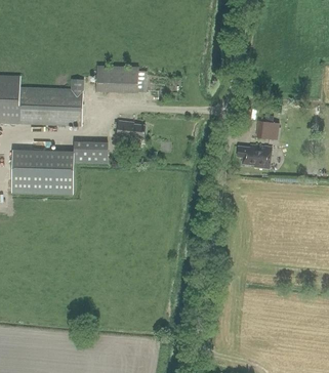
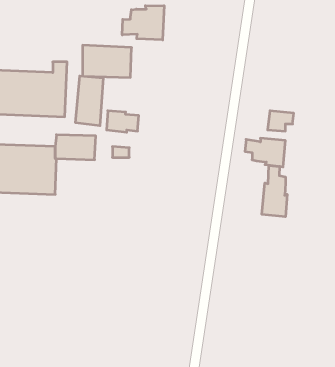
building: none -> [122,6,164,40]
building: none -> [76,76,103,126]
building: none -> [262,165,287,217]

